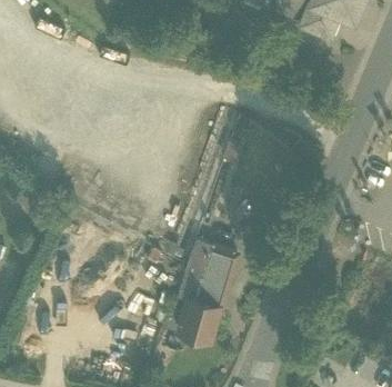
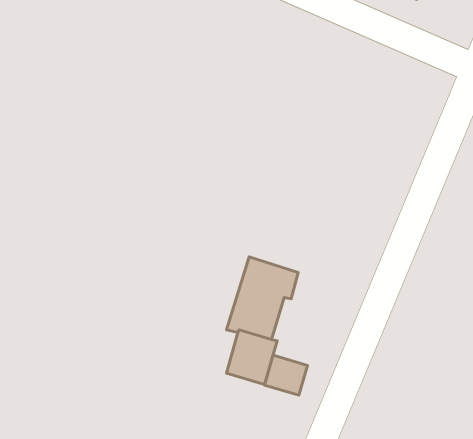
building: none -> [264,356,307,395]

